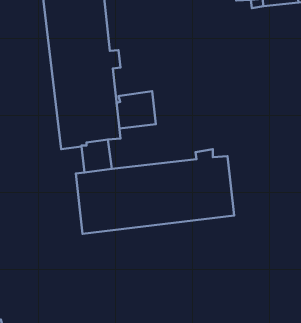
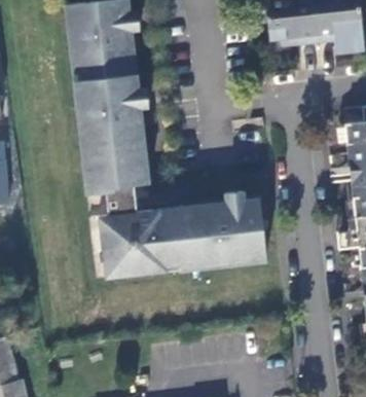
building: [117,91,156,129] -> none

